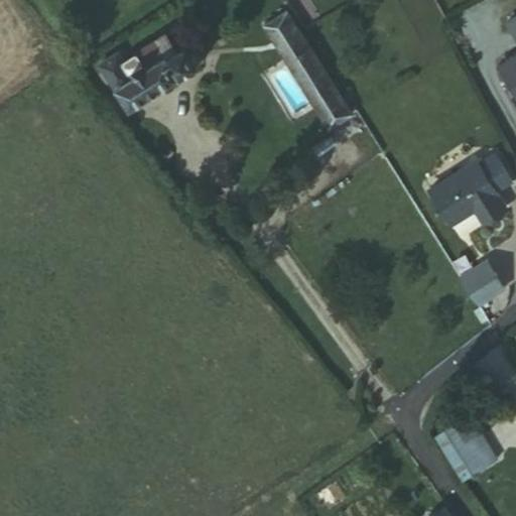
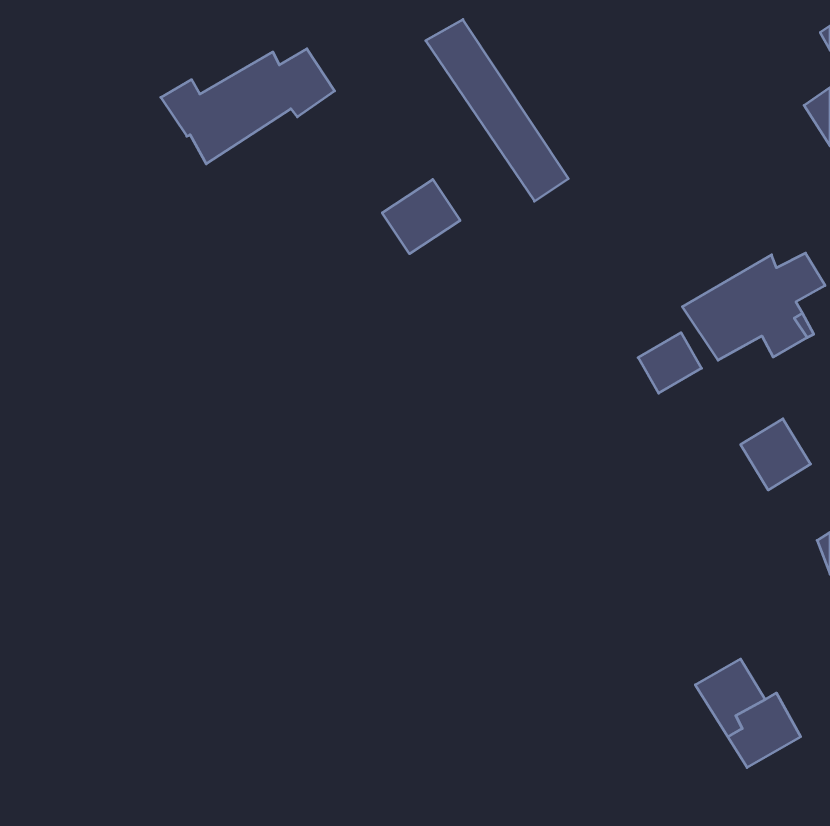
building: none -> [382,179,460,254]
building: none -> [638,333,702,393]

